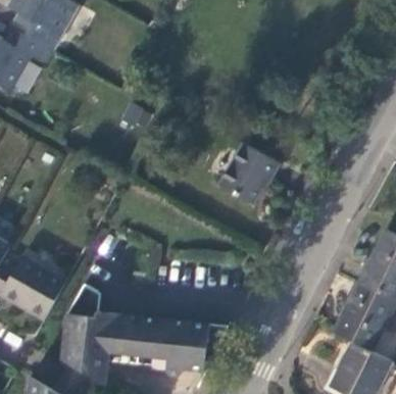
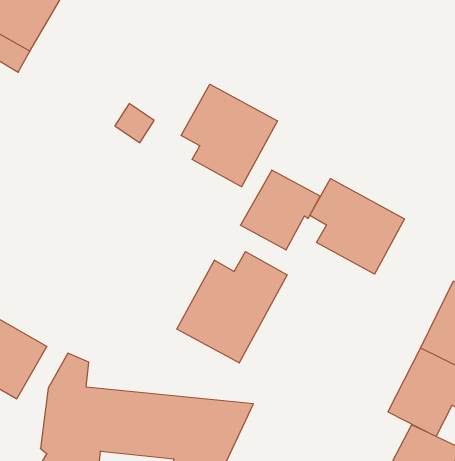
building: none -> [181,84,277,187]
building: none -> [310,179,404,274]
building: none -> [177,252,287,363]

